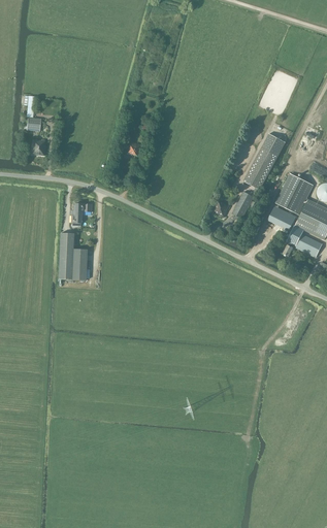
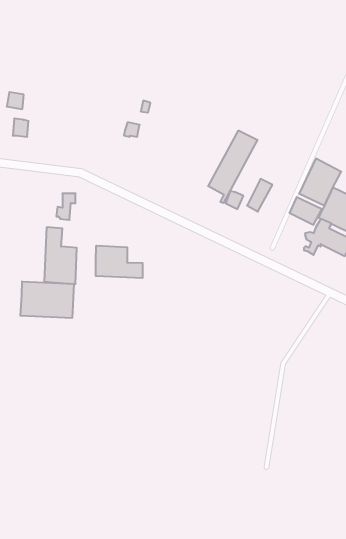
building: [243,132,286,194] -> [208,131,258,203]
building: none -> [96,246,143,278]
building: none -> [20,281,74,318]

